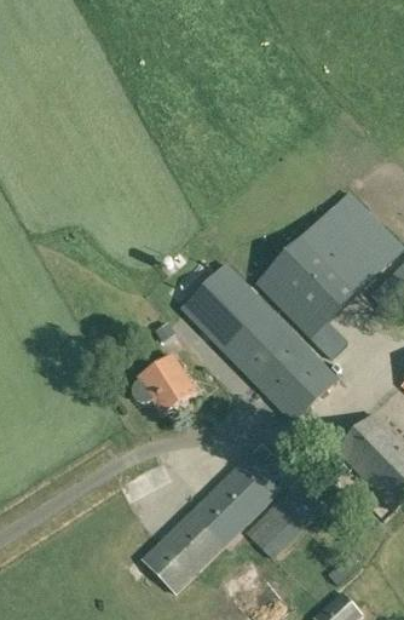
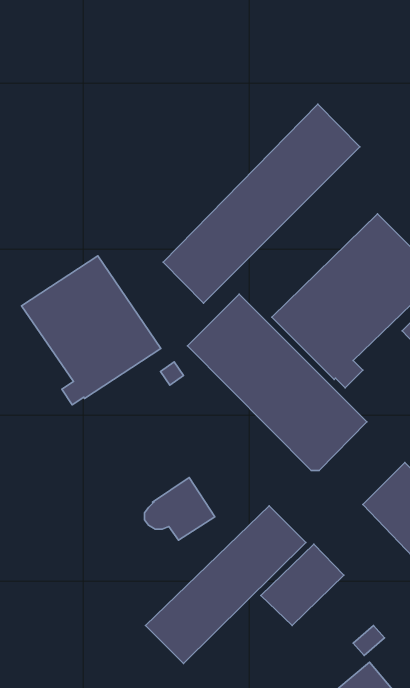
building: none -> [163,104,360,303]
building: none -> [22,256,161,405]
building: [132,356,195,412] -> [144,478,215,540]

